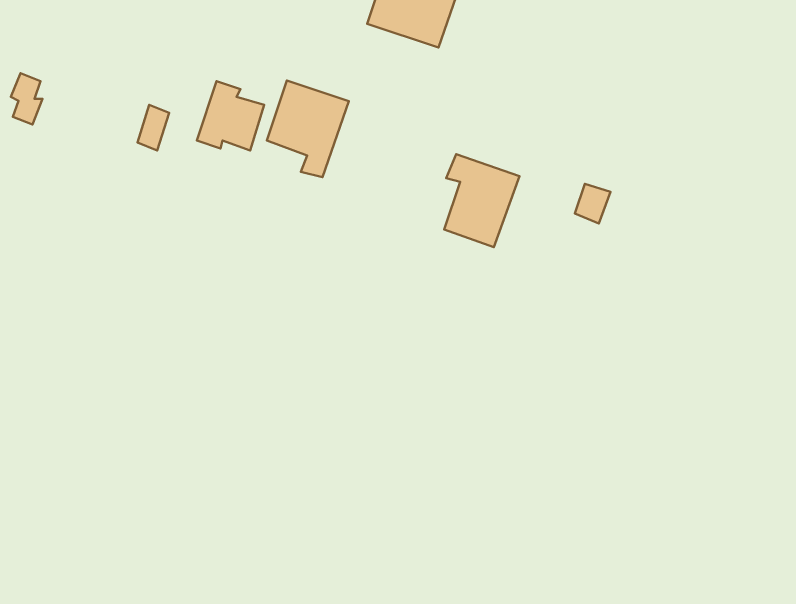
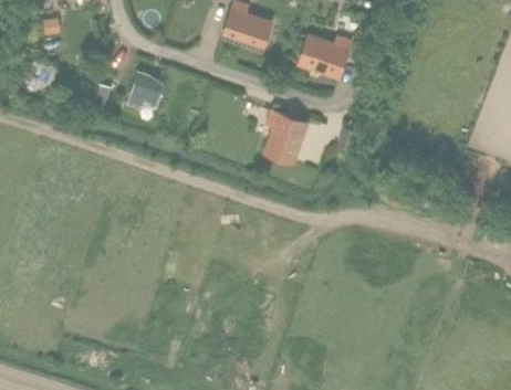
building: none -> [299,35,351,77]
building: [267,81,349,177] -> none

